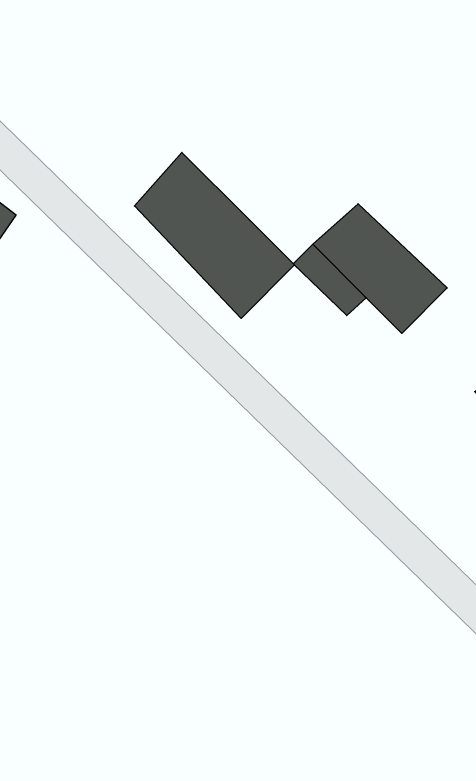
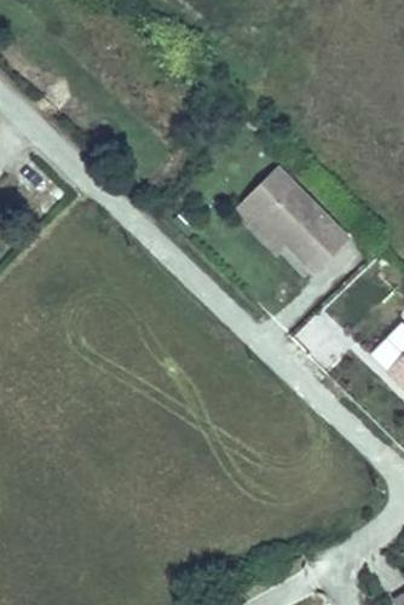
building: [134,152,294,318] -> none

